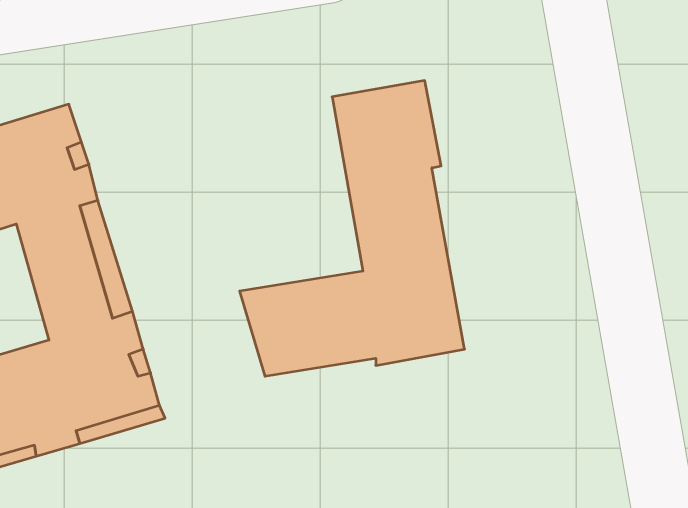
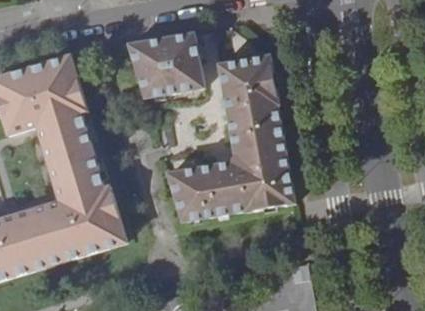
building: none -> [129,32,205,96]

